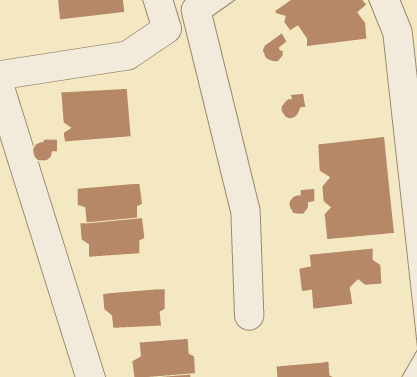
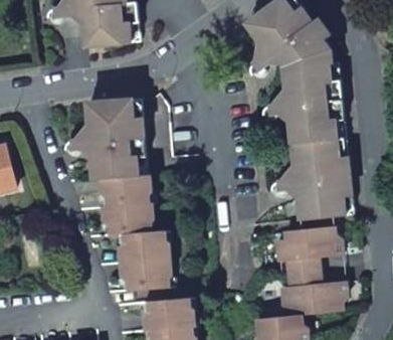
building: none -> [281,59,344,144]
building: none -> [89,138,146,179]
building: none -> [118,230,170,263]
building: none -> [280,271,347,317]

